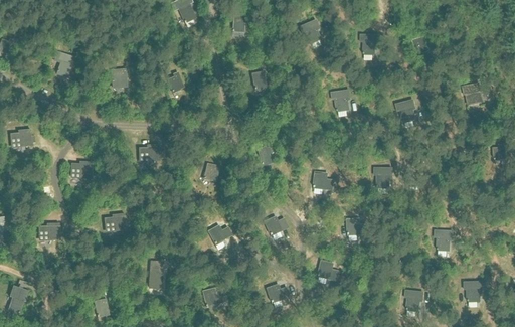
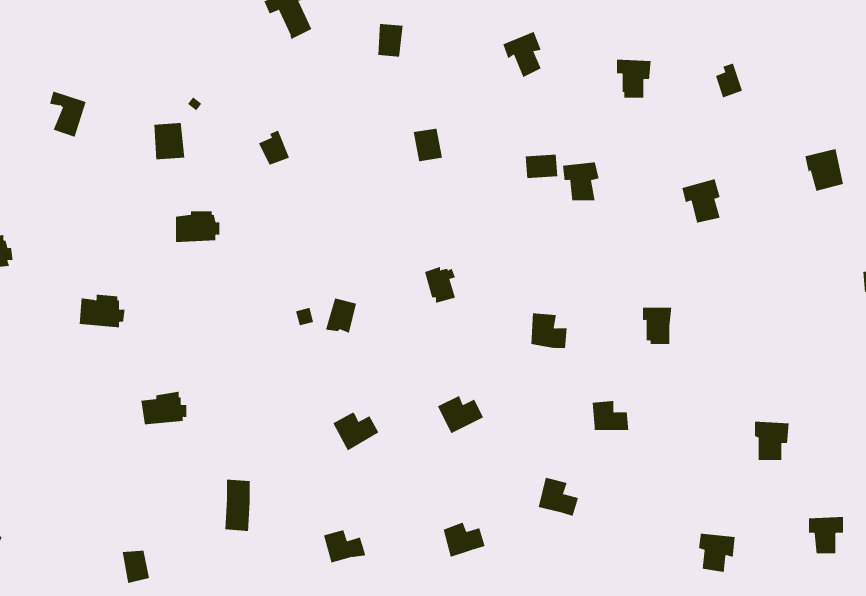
building: [139,145,163,162] -> [175,211,220,242]
building: [38,223,63,240] -> none

